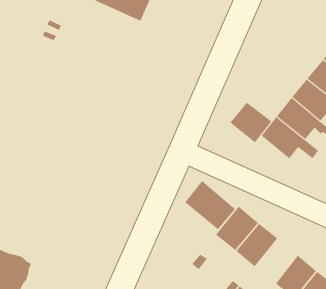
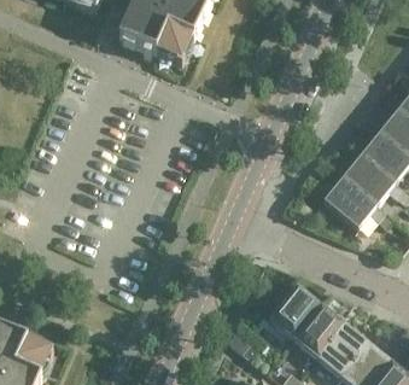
building: [229,102,272,143] -> none
building: [184,180,236,230] -> none
building: none -> [316,319,367,372]

